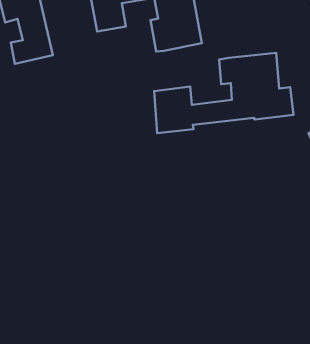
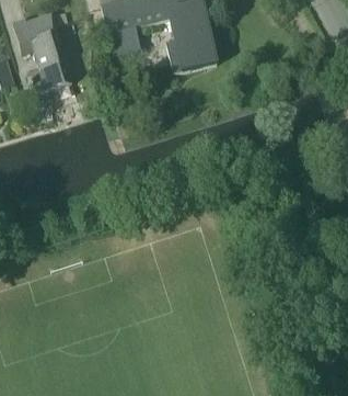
building: [154,53,294,133] -> none

